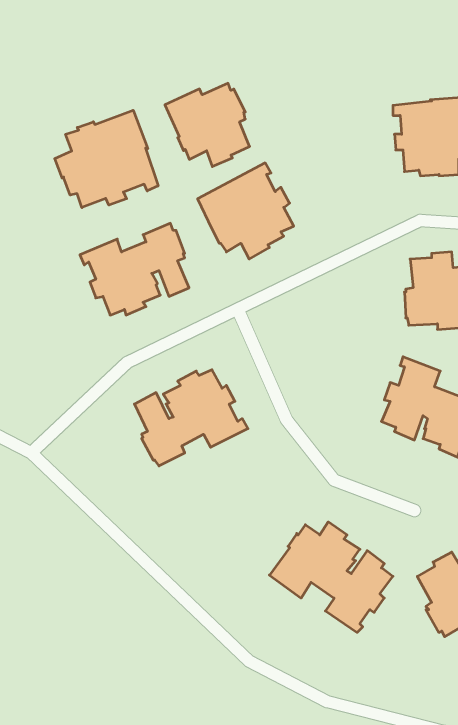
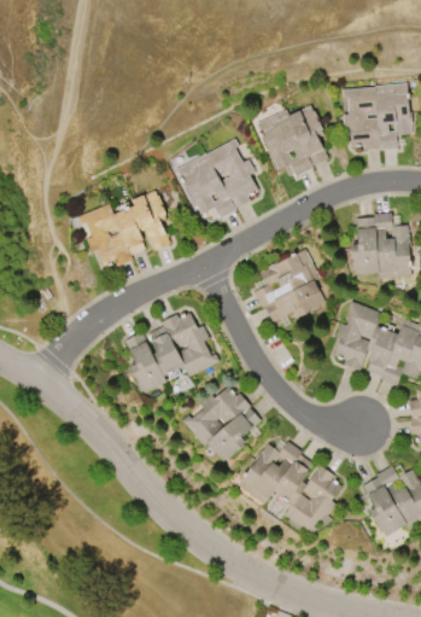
building: [165,83,250,167] -> [257,106,328,176]
building: [55,110,158,208] -> none
building: none -> [253,250,324,322]
building: none -> [182,388,261,461]

